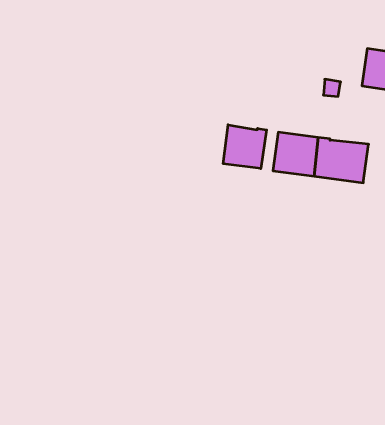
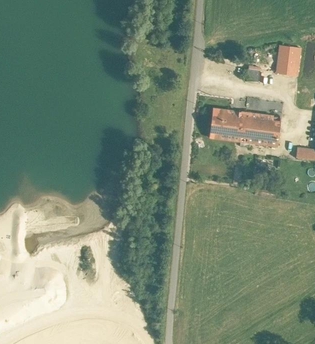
building: [223,125,267,169] -> none

